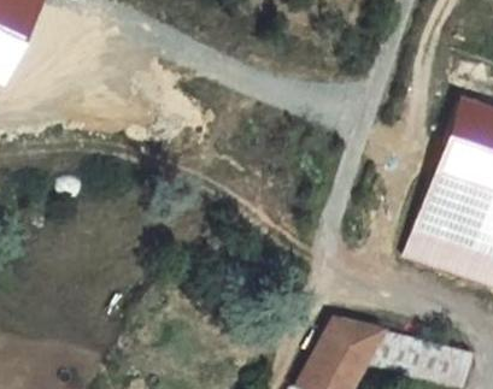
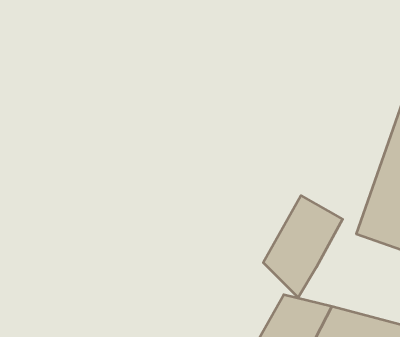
building: none -> [263,196,343,297]

